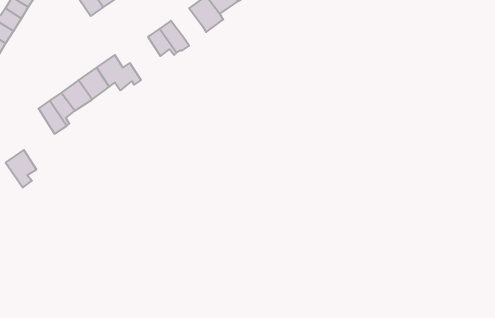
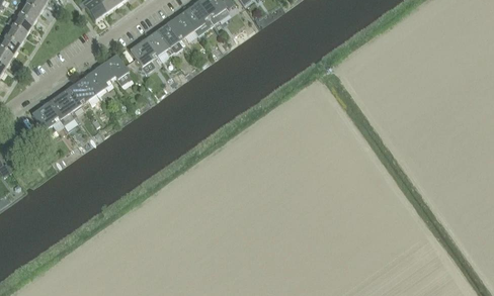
building: none -> [166,12,194,39]
building: none -> [130,37,157,76]
building: [6,150,36,188] -> [32,101,60,134]

